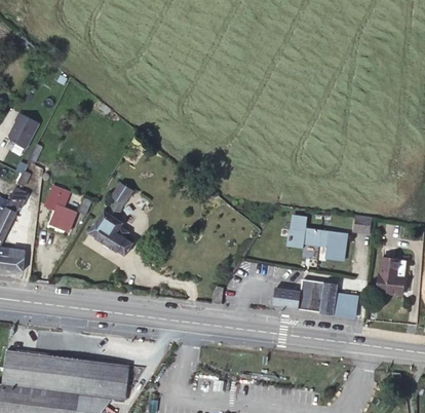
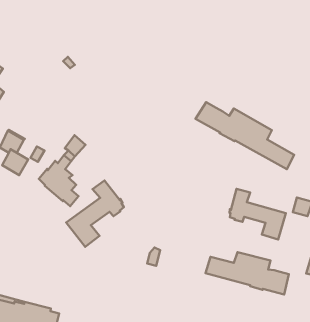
building: none -> [195,102,294,169]
building: none -> [66,180,124,247]

